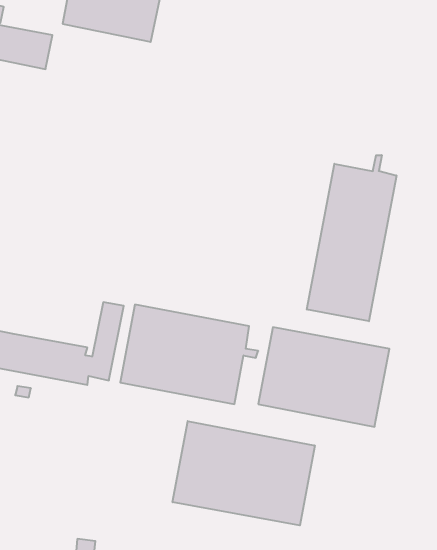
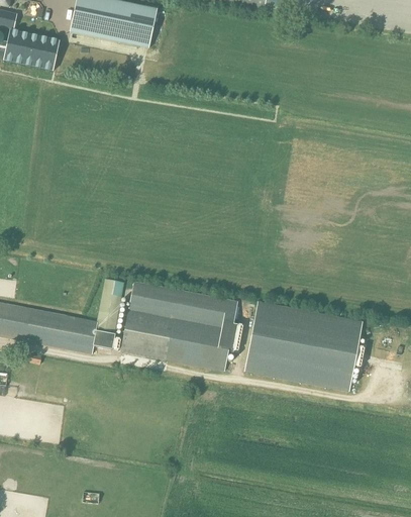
building: [307,155,396,321] -> none
building: [173,421,315,525] -> none

